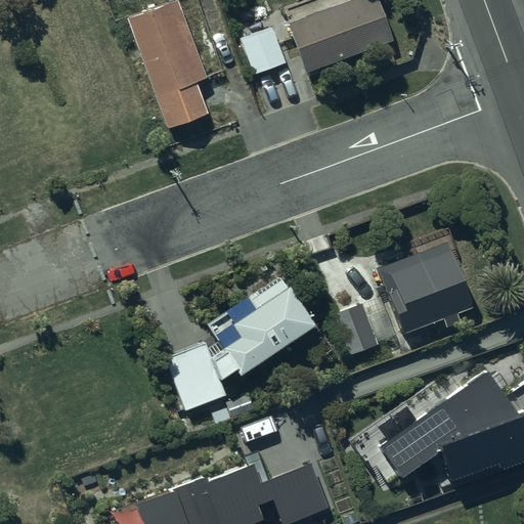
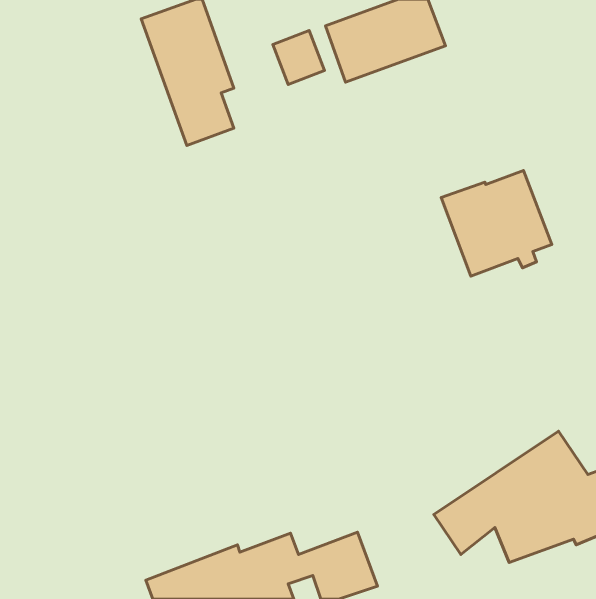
building: [378,244,474,336] -> [441,170,552,276]
building: [166,278,316,413] -> none
building: [336,304,381,357] -> none

